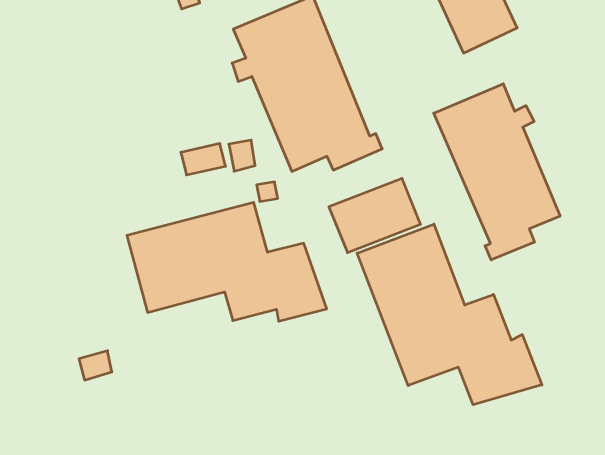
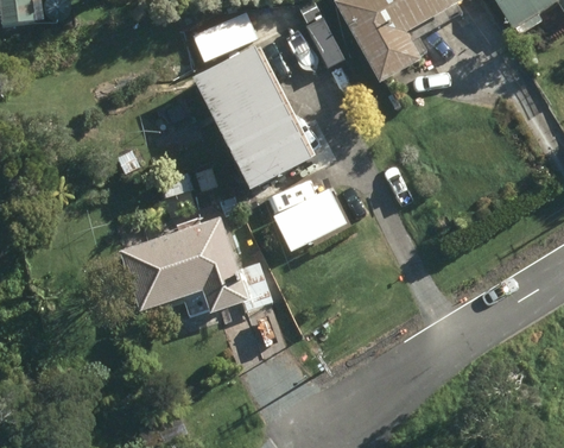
building: [434,84,560,260] -> none
building: [357,224,542,405] -> none

